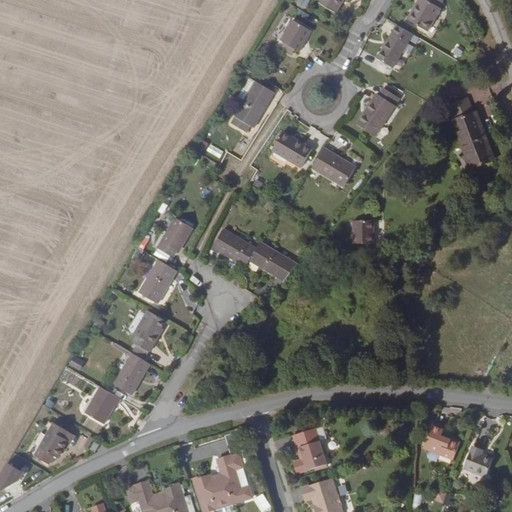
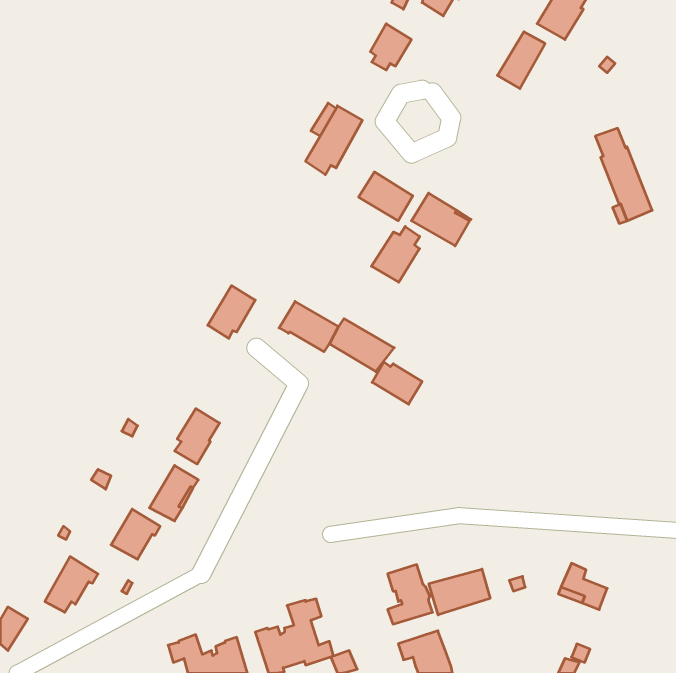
building: [356,86,399,135] -> none
building: none -> [371,226,420,282]
building: [355,215,377,240] -> none
building: [138,259,177,303] -> none
building: none -> [372,362,422,404]
building: none -> [429,569,490,615]
building: [463,449,492,478] -> none

